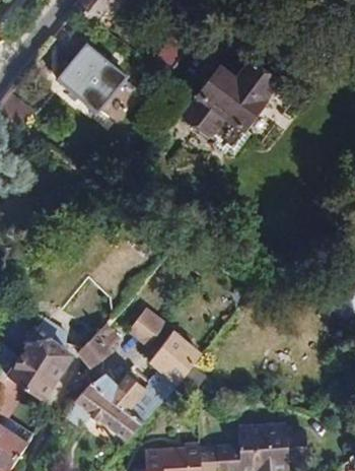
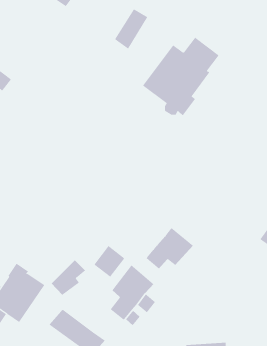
building: [56,44,127,120] -> none
building: none -> [146,227,194,270]
building: [91,374,146,411] -> none

